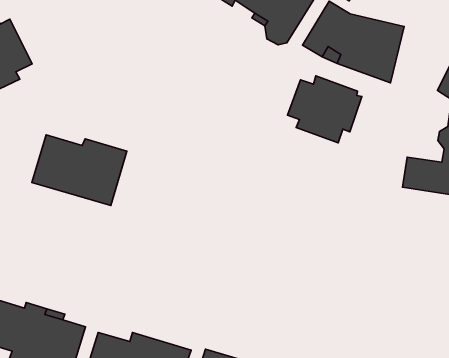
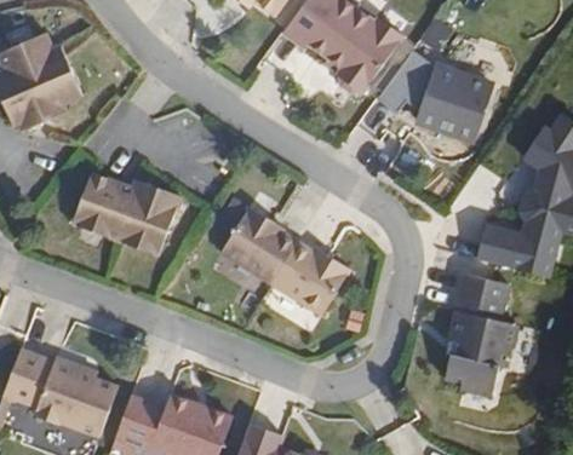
building: [288,76,362,143] -> none
building: none -> [220,208,349,316]
building: none -> [446,273,518,396]

